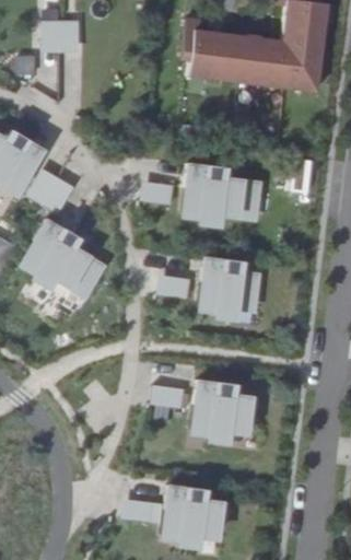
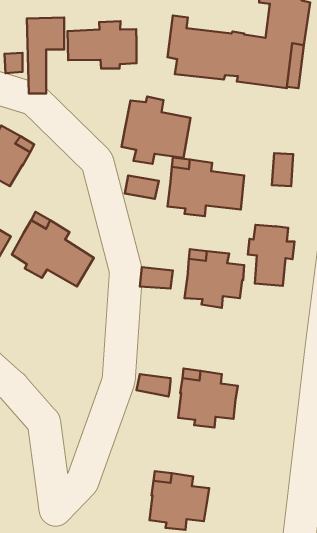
building: none -> [67,21,136,68]
building: none -> [122,97,191,164]
building: [23,167,72,214] -> none
building: none -> [248,225,295,286]

